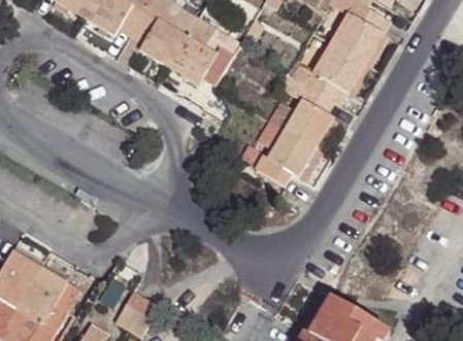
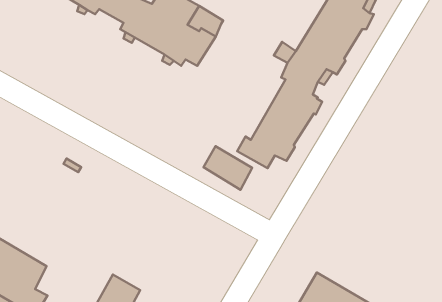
building: none -> [203,146,252,190]

